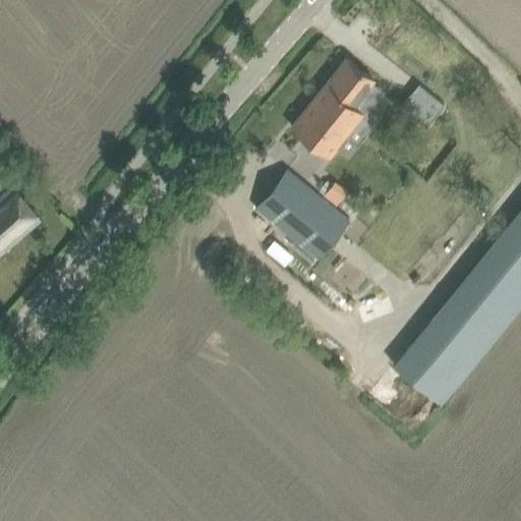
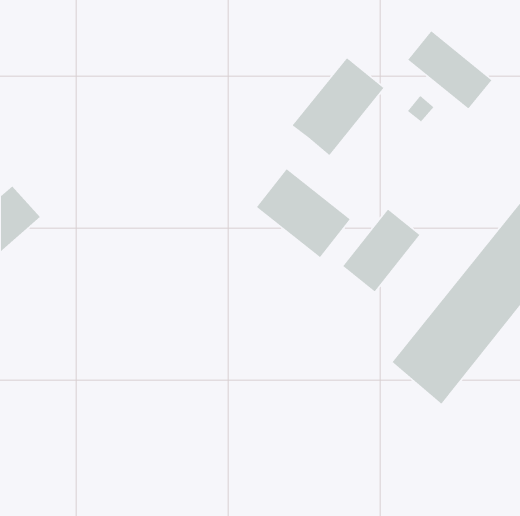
building: none -> [407,30,493,110]
building: none -> [342,209,421,292]

